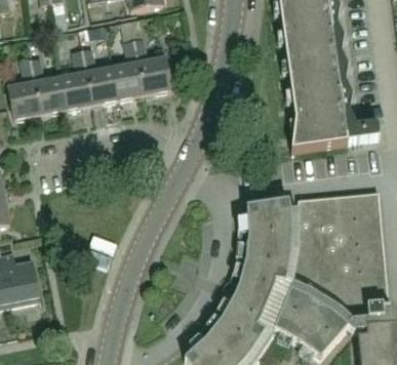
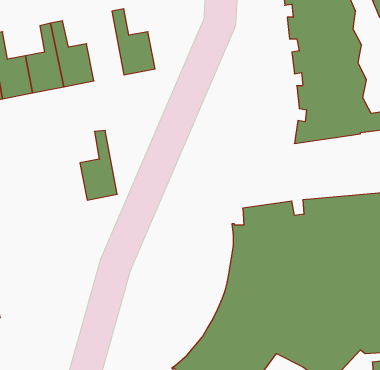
building: [113,39,145,98] -> [80,130,117,200]

